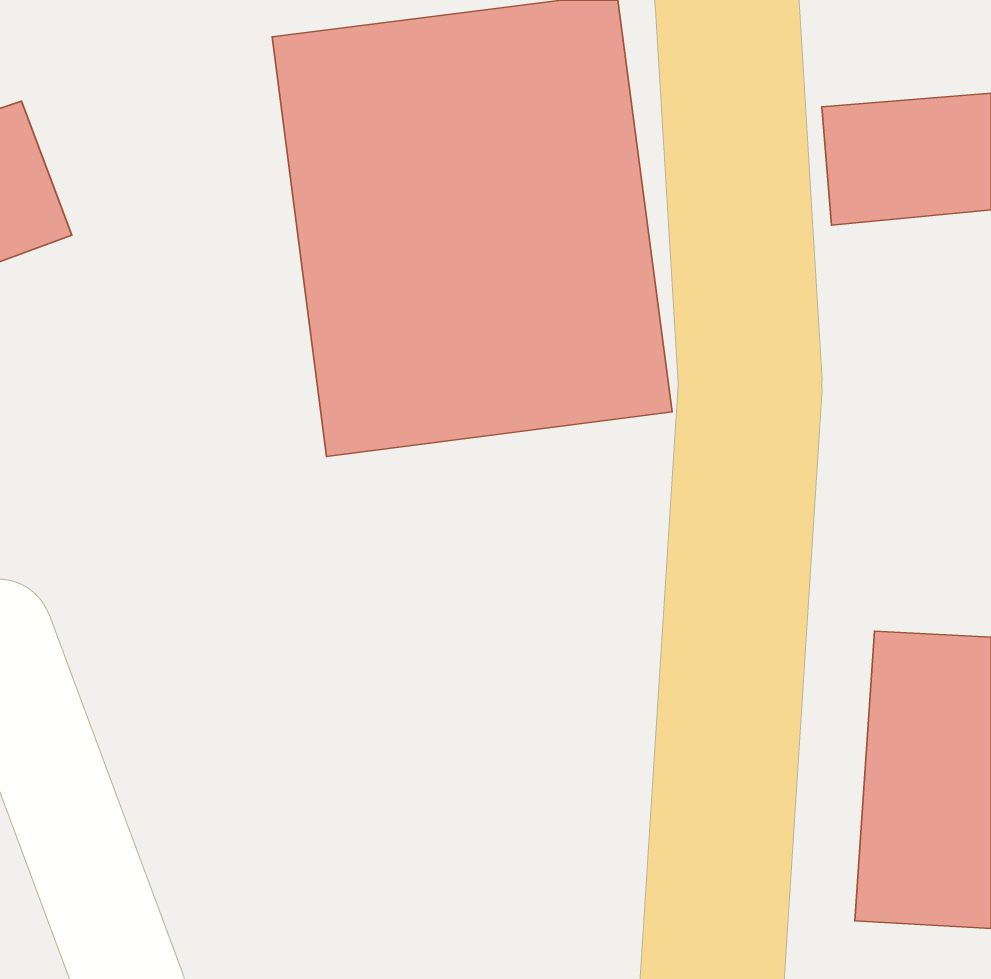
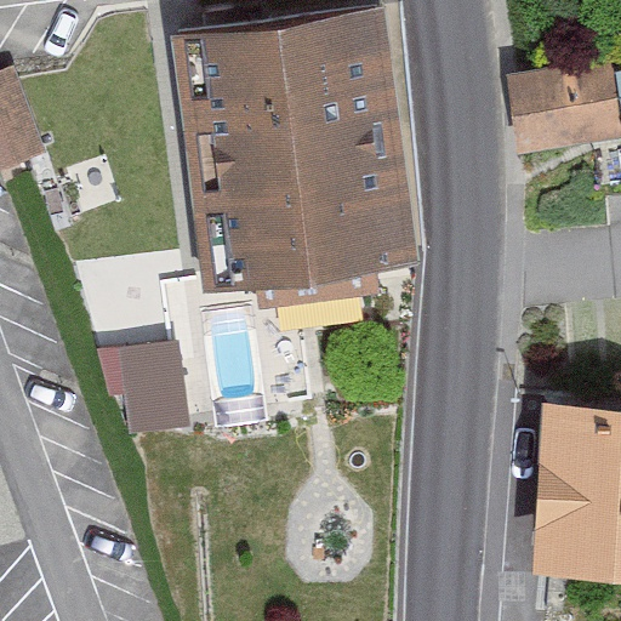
building: none -> [102,338,189,427]

